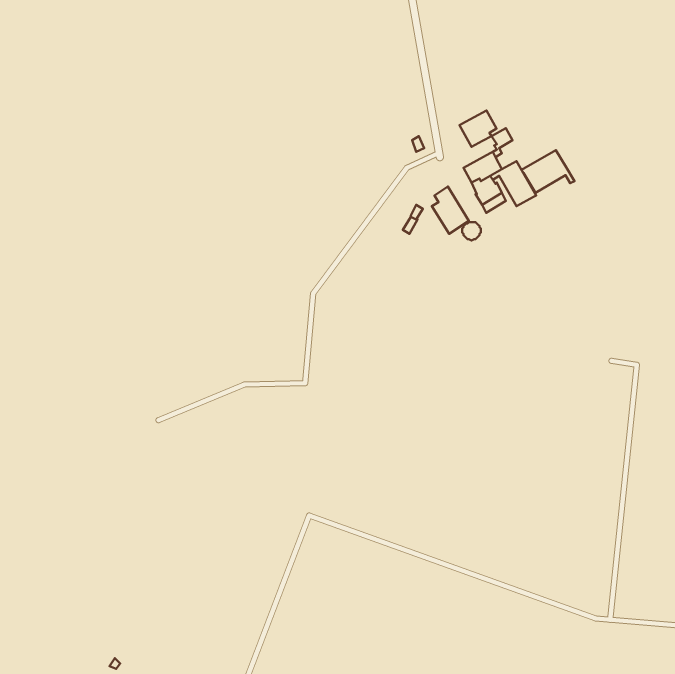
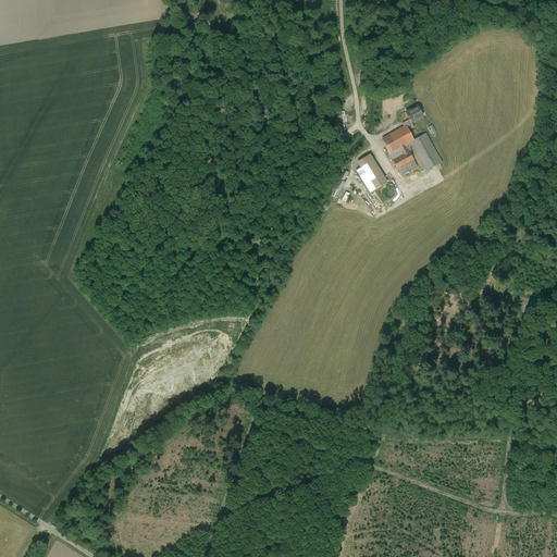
building: [460,110,497,147] -> none
building: [521,150,574,193] -> none

